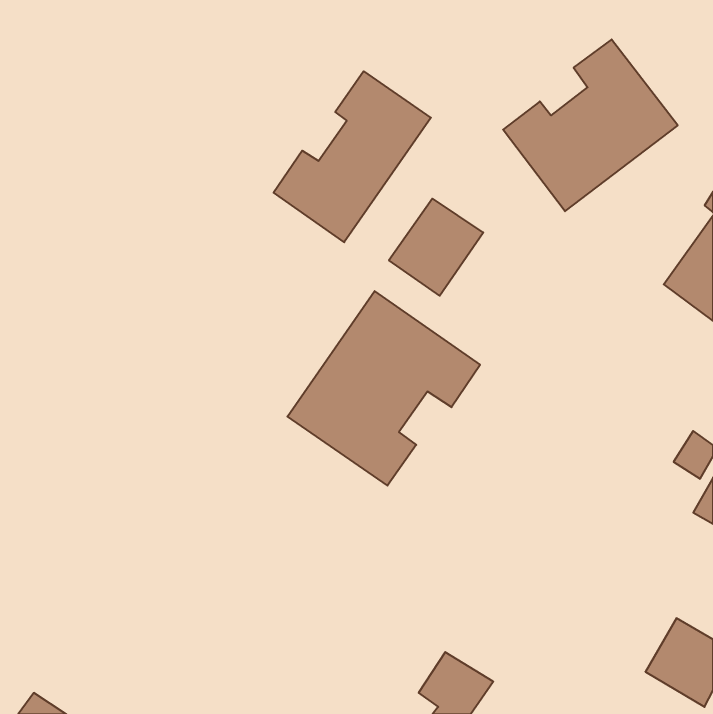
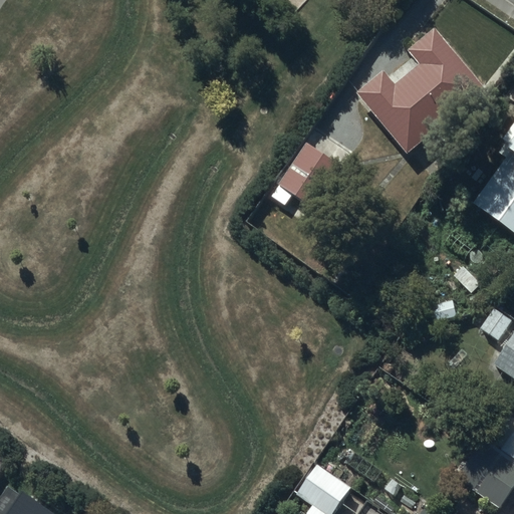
building: [274,71,431,242] -> none
building: [287,291,480,486] -> none

